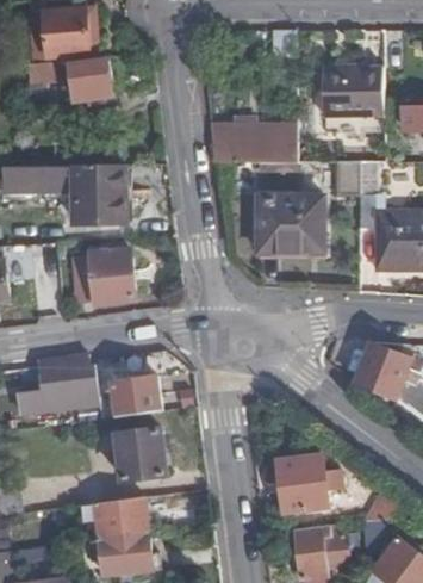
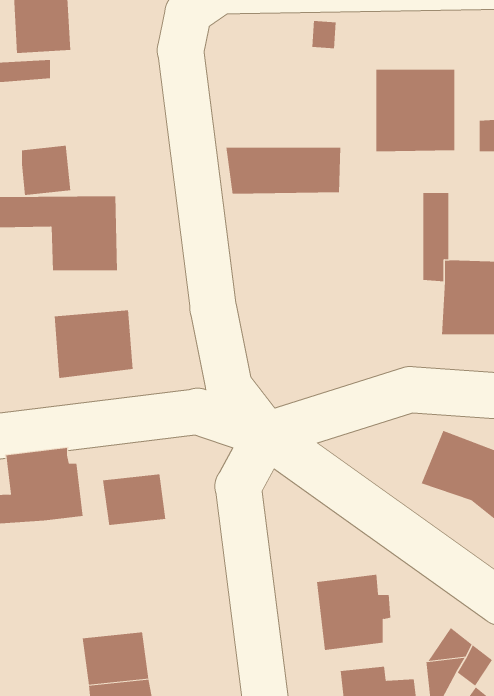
building: [73,61,111,99] -> [21,145,71,195]
building: [255,196,323,253] -> none
building: [118,430,167,479] -> none

